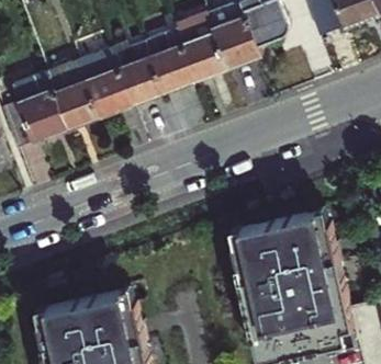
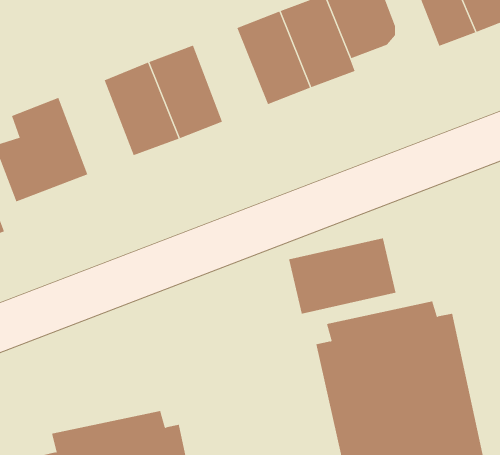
building: [146,21,199,88] -> none
building: [51,58,103,125] -> none
building: none -> [289,238,396,314]

